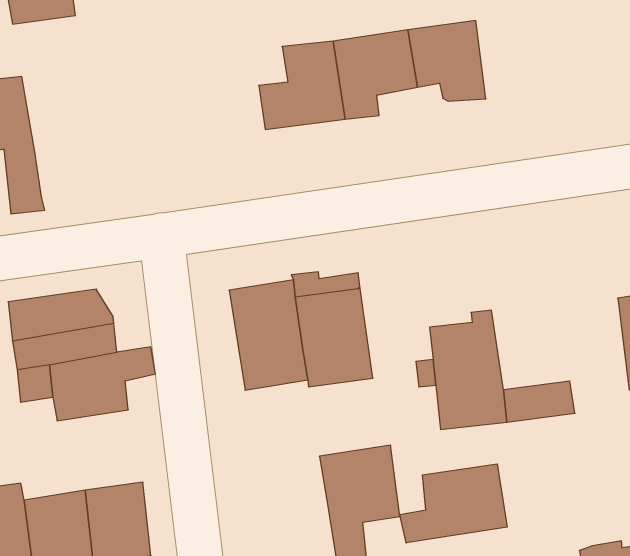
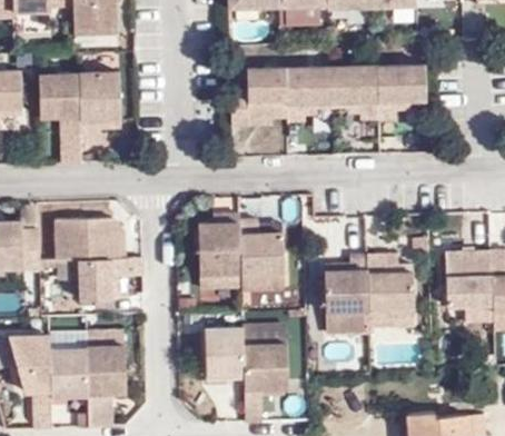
building: none -> [376,67,424,122]
building: none -> [79,72,120,128]
building: none -> [366,255,412,308]
building: none -> [205,319,247,375]
building: [400,464,507,543] -> none

